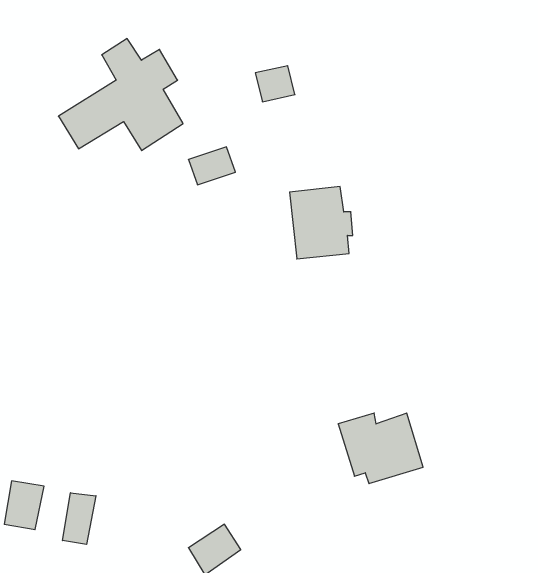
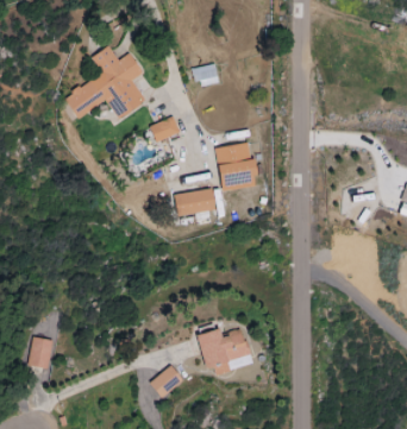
building: none -> [175,188,217,216]
building: [338,413,423,484] -> [196,328,252,374]
building: [63,493,96,544] -> none

